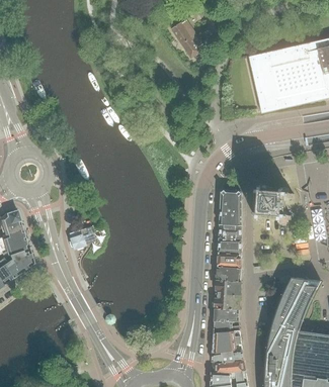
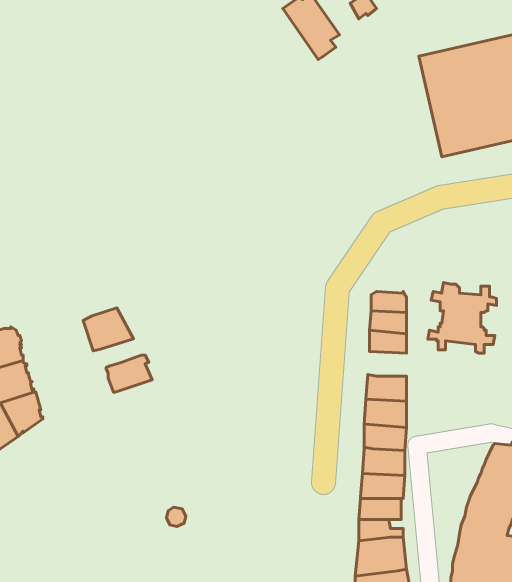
building: none -> [83,308,134,351]

